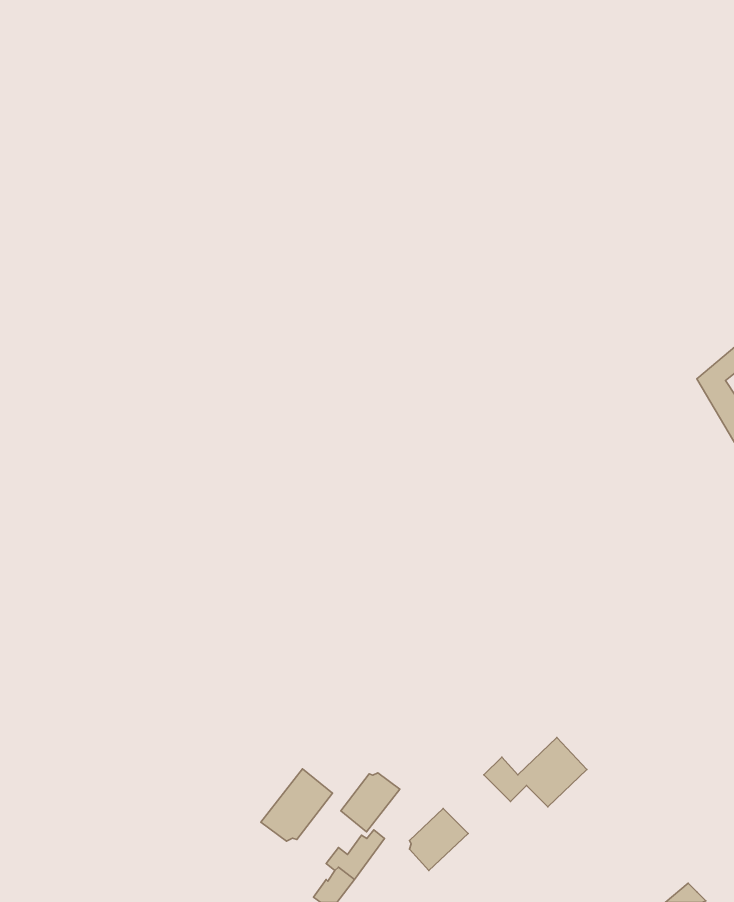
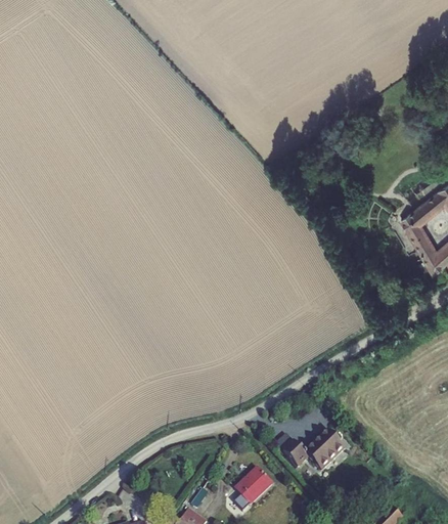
building: [261,769,332,841] -> none
building: [341,773,400,832] -> none

